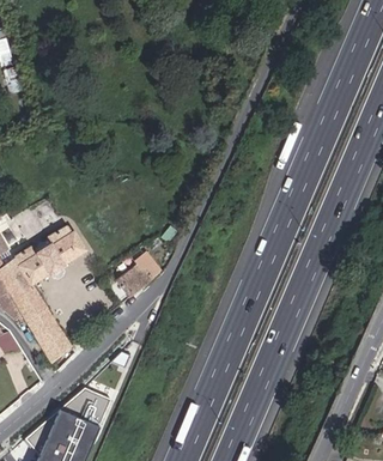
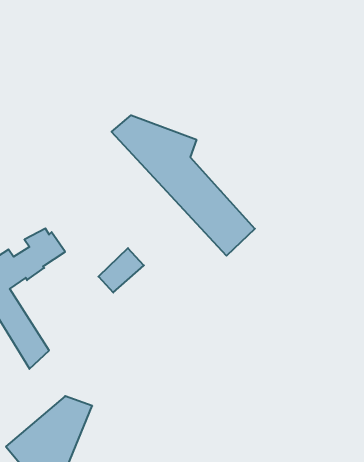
building: none -> [112,115,255,256]

